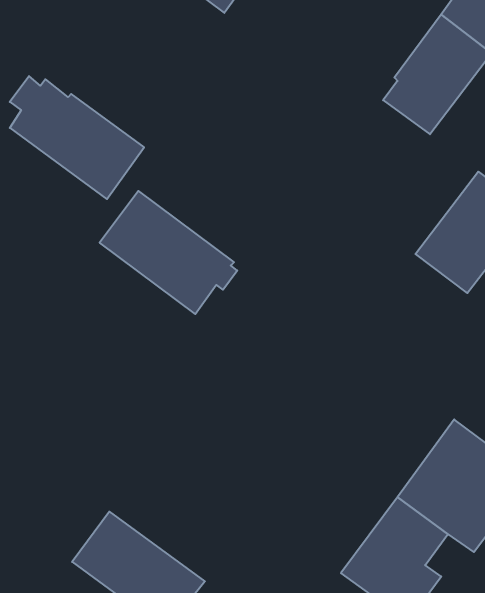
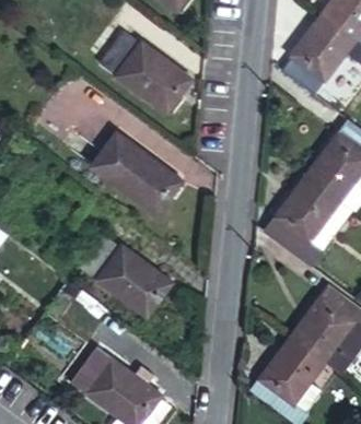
building: [10,76,144,199] -> [101,25,191,108]
building: none -> [261,175,338,264]
building: none -> [72,232,174,318]

